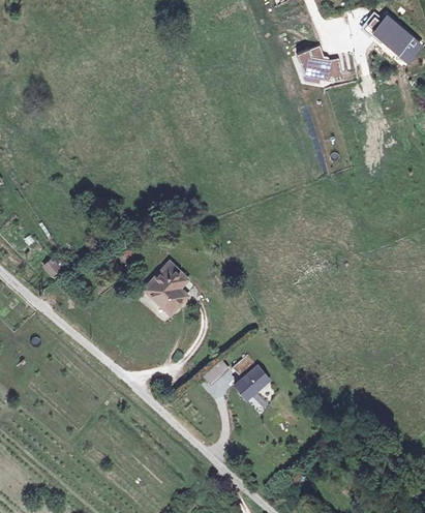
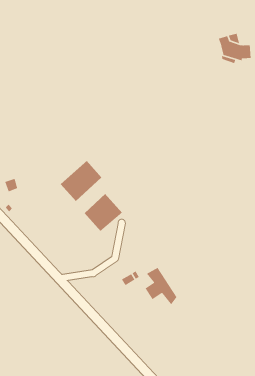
building: none -> [60,160,102,202]

